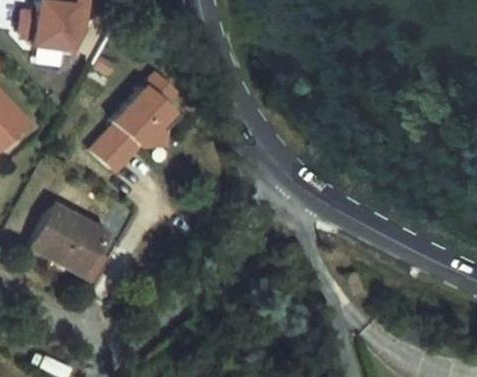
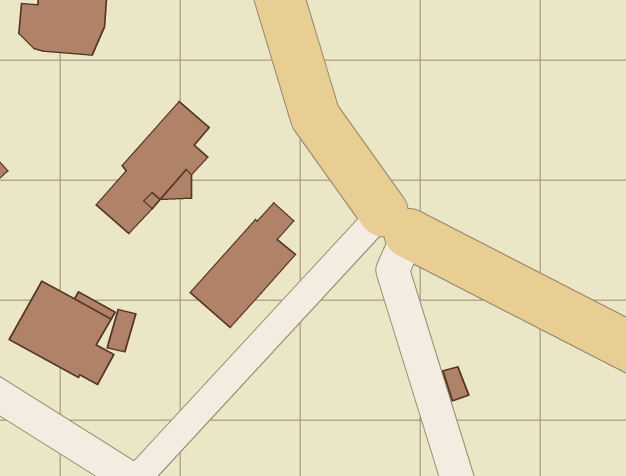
building: none -> [190,203,295,328]

